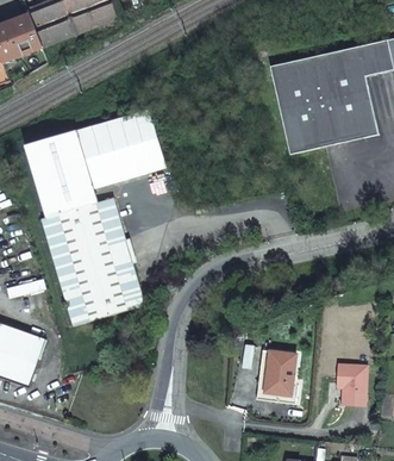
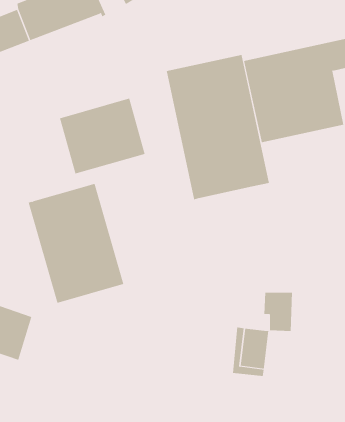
building: none -> [166,54,269,200]
building: [24,127,95,216] -> none
building: [337,362,368,404] -> [263,292,293,331]

